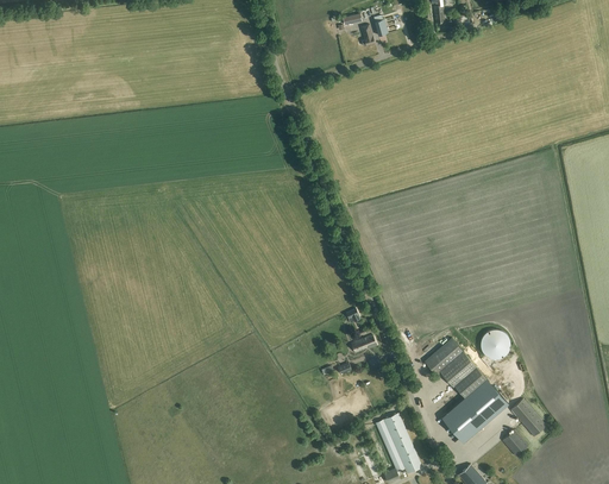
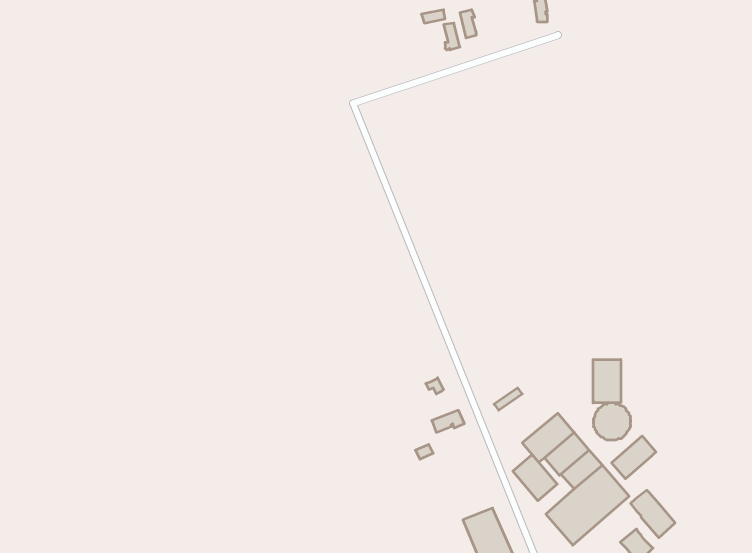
building: none -> [593,359,621,403]
building: none -> [612,436,656,479]
building: none -> [513,455,557,501]

